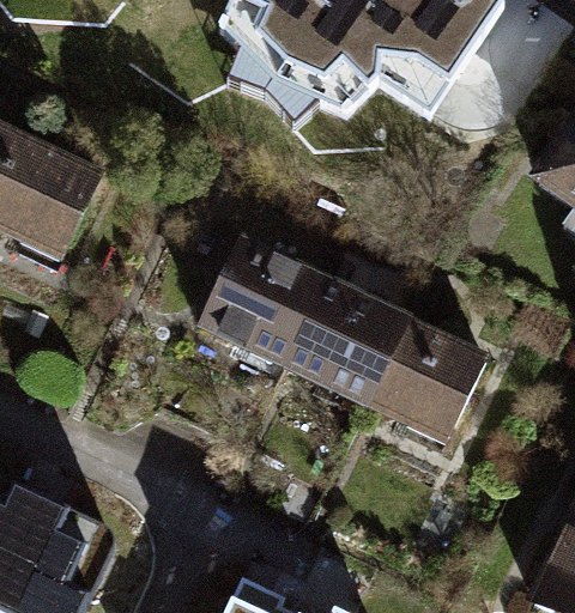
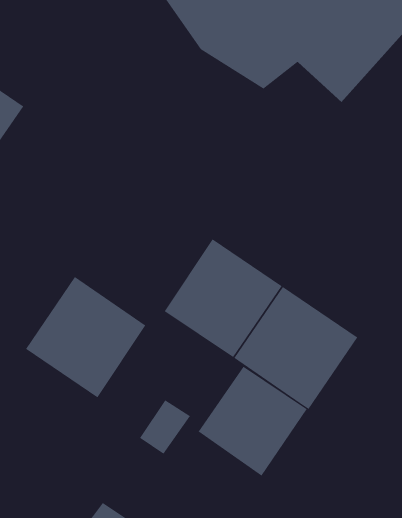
building: [196,241,319,364] -> [25,276,146,398]
building: none -> [198,366,308,477]

